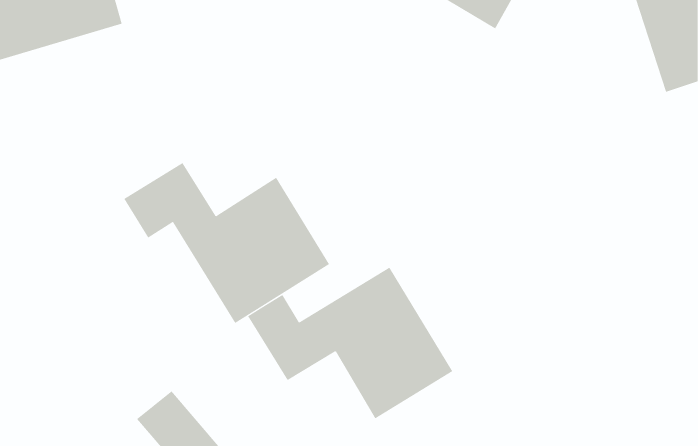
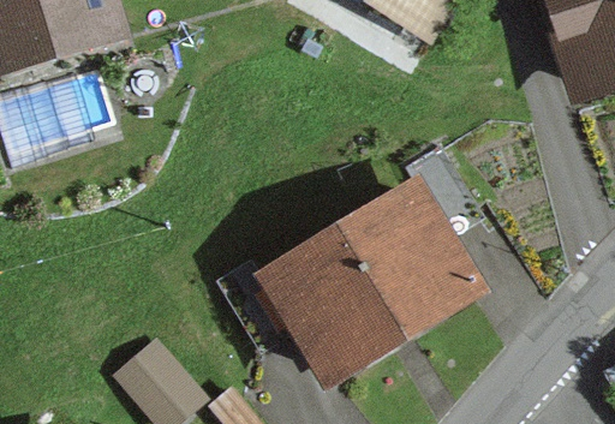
building: [123,162,330,324] -> none
building: none -> [344,150,474,332]

